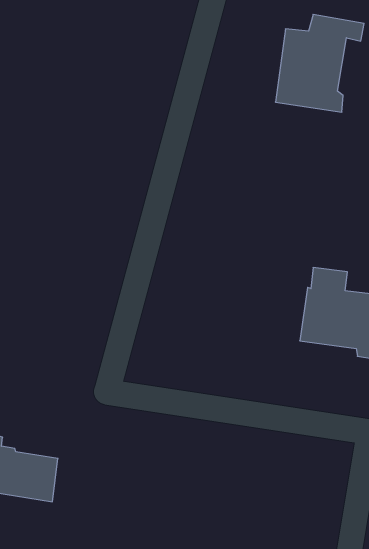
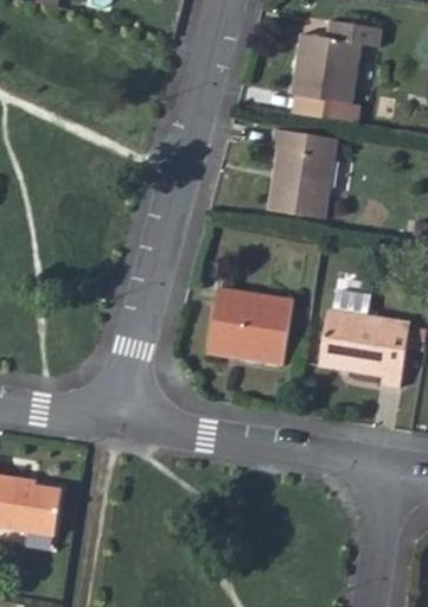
building: none -> [273,129,339,218]
building: none -> [206,292,290,368]

